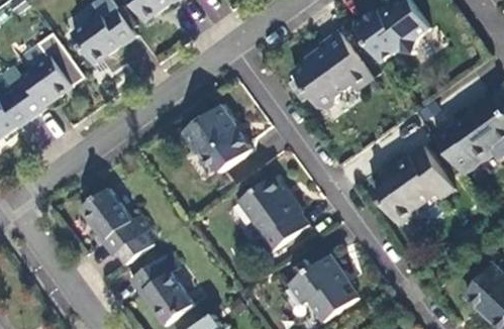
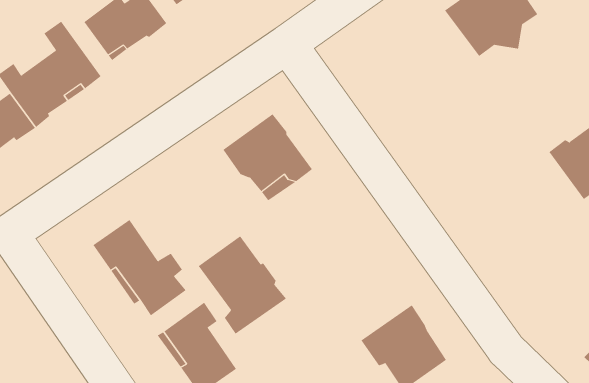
building: [293,31,372,109] -> none
building: [371,146,452,224] -> none
building: [238,176,308,253] -> [198,235,287,335]

